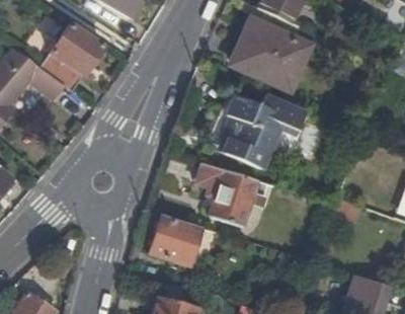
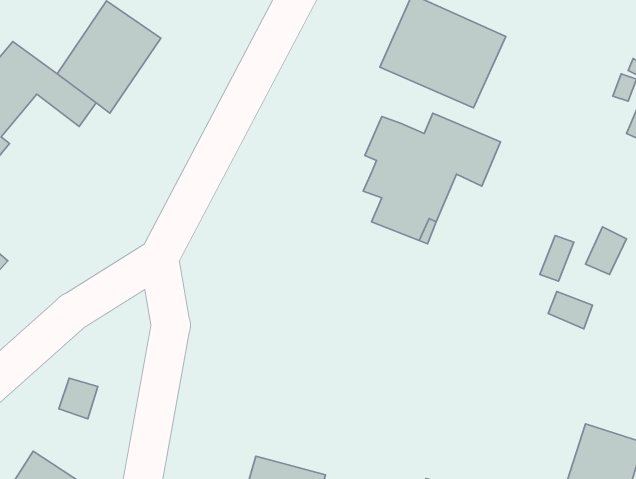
building: [197,163,267,227] -> none
building: [150,214,202,264] -> none

